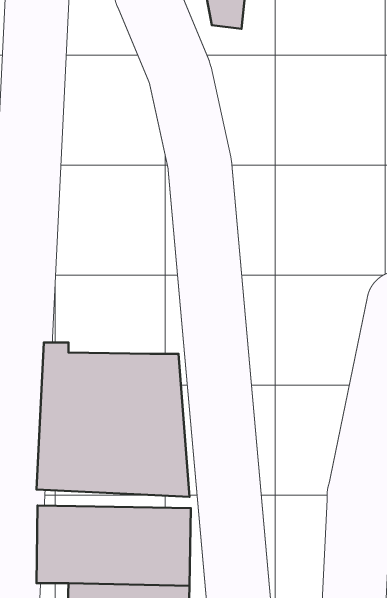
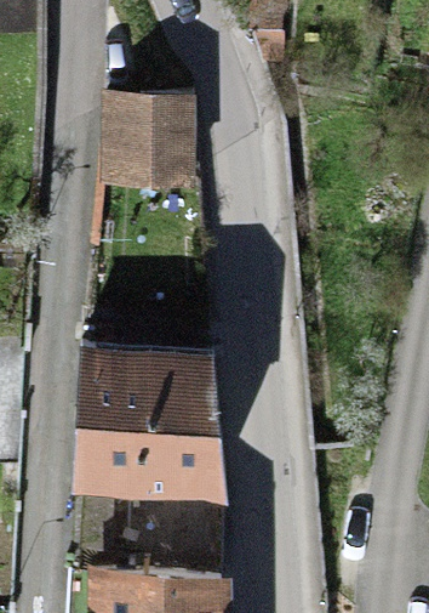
building: none -> [101,85,190,175]

